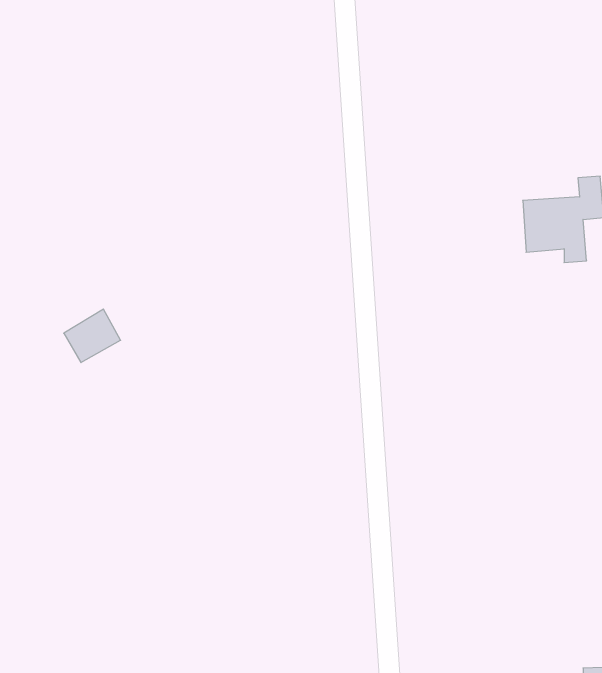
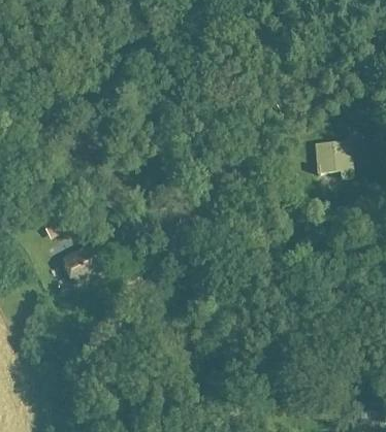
building: none -> [62,246,105,287]

